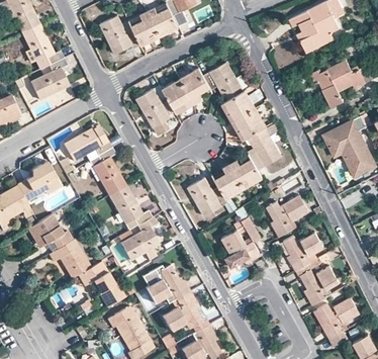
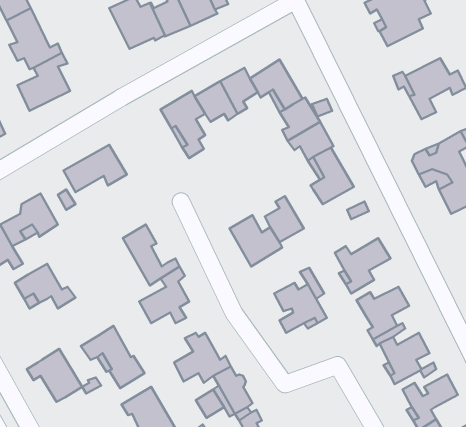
building: [88,148,125,195] -> none
building: [229,159,262,188] -> none
building: [49,240,90,279] -> [27,349,82,402]

